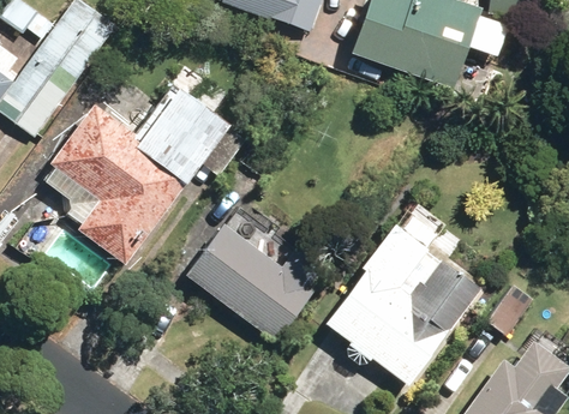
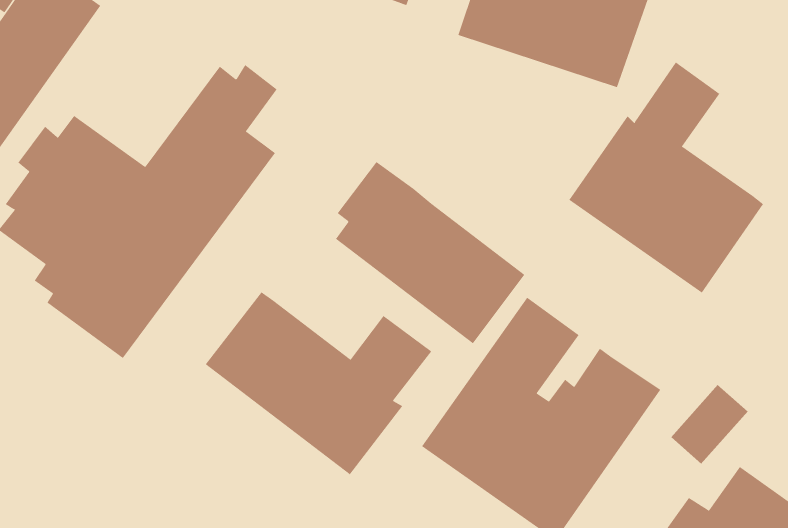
building: none -> [568,61,764,293]
building: none -> [335,161,525,344]

